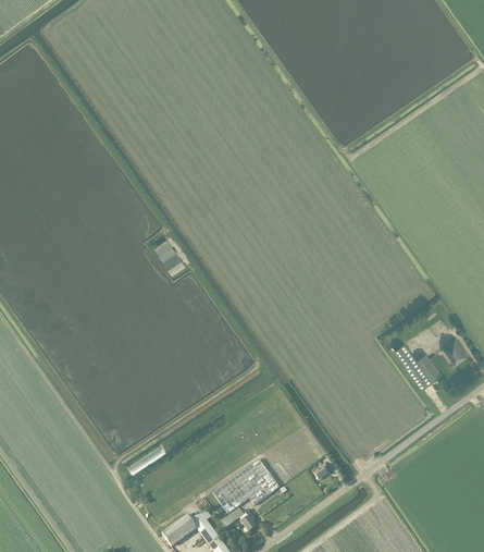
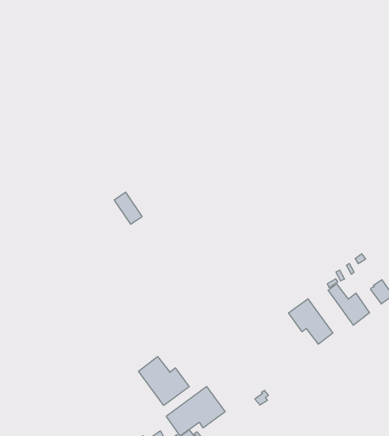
building: none -> [289,299,333,344]
building: none -> [139,357,189,405]

